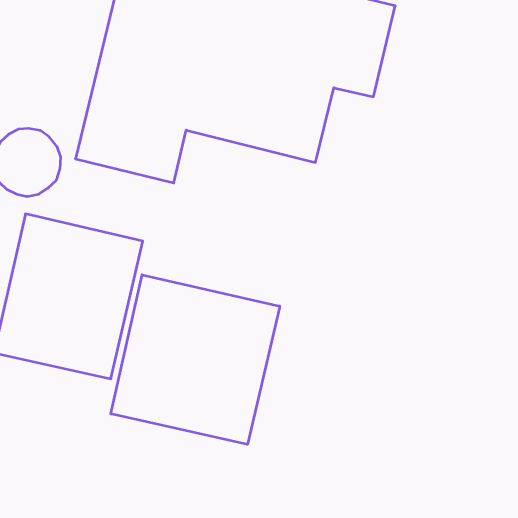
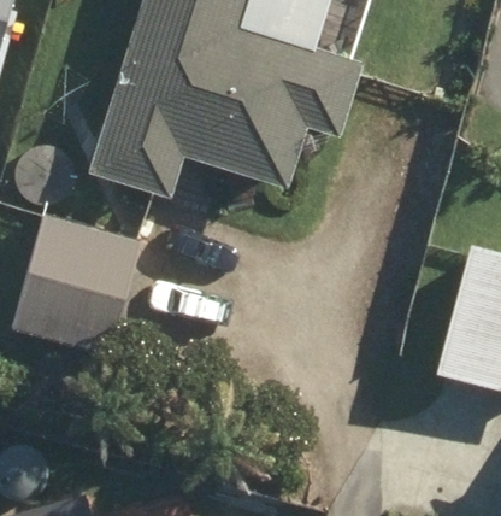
building: [111,275,280,444] -> none

